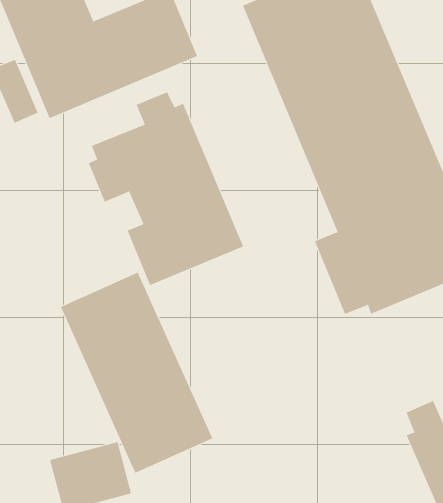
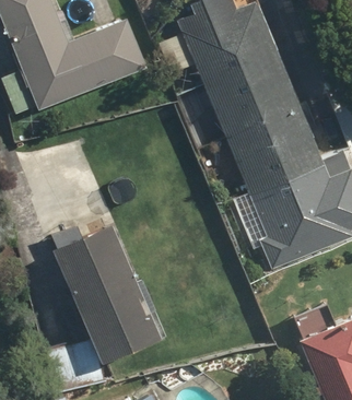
building: [88,91,244,286] -> none

